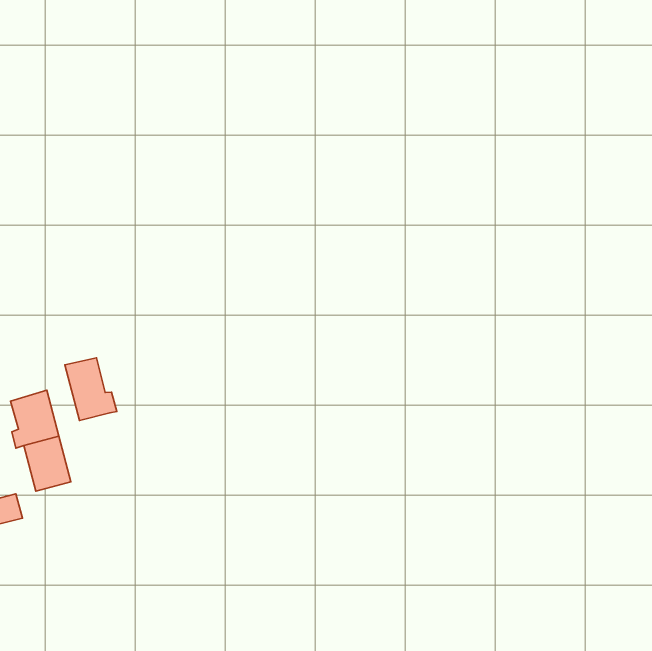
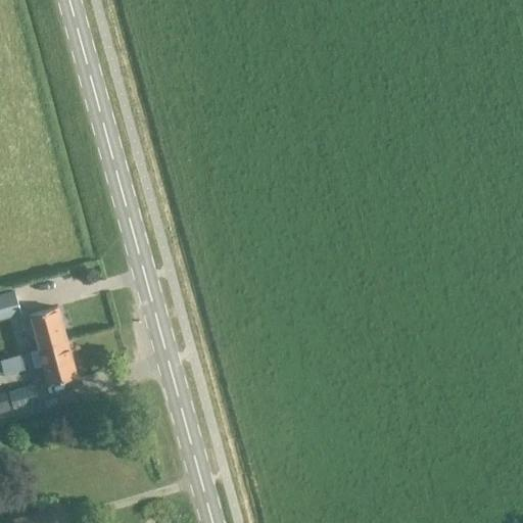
building: [65,358,117,421] -> none

